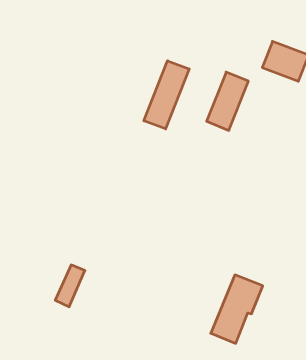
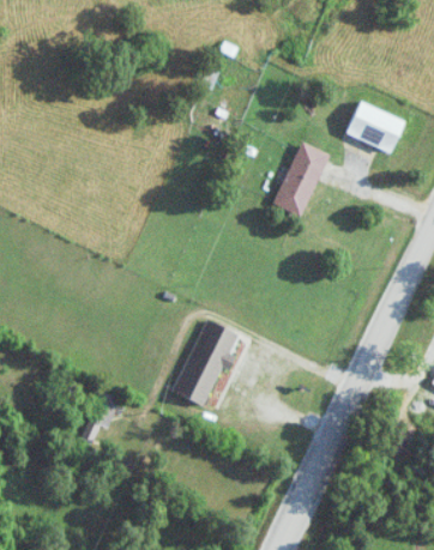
building: [144,61,189,129] -> none
building: [211,275,263,343] -> [173,318,240,406]

